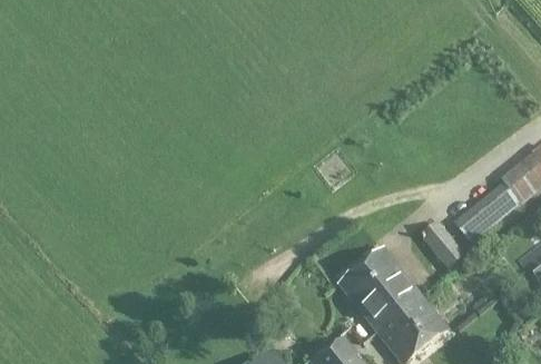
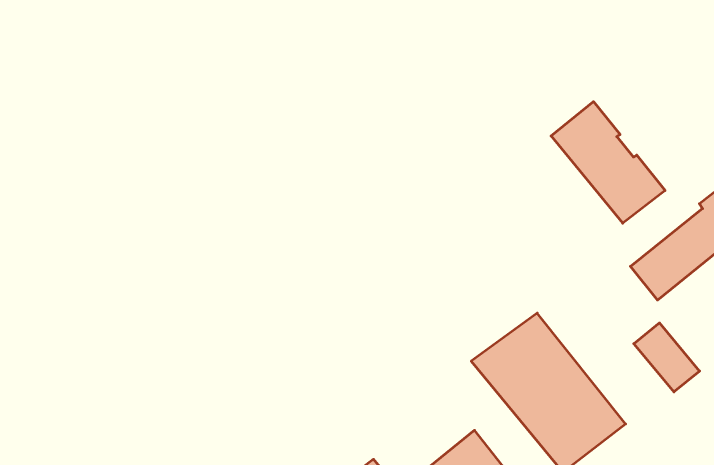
building: none -> [551,102,665,223]
building: [417,219,463,267] -> [634,323,700,392]

